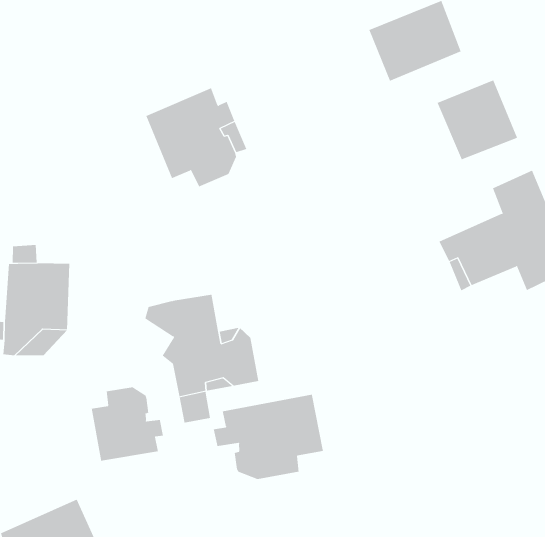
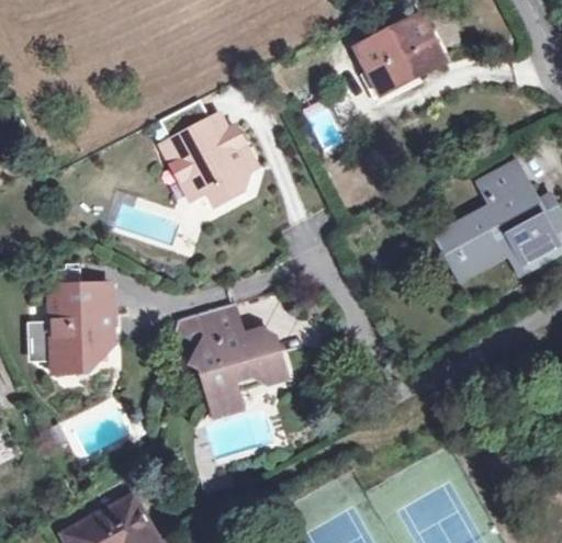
building: [437,79,518,160] -> none
building: [91,386,163,461] -> none
building: [213,394,324,480] -> none

